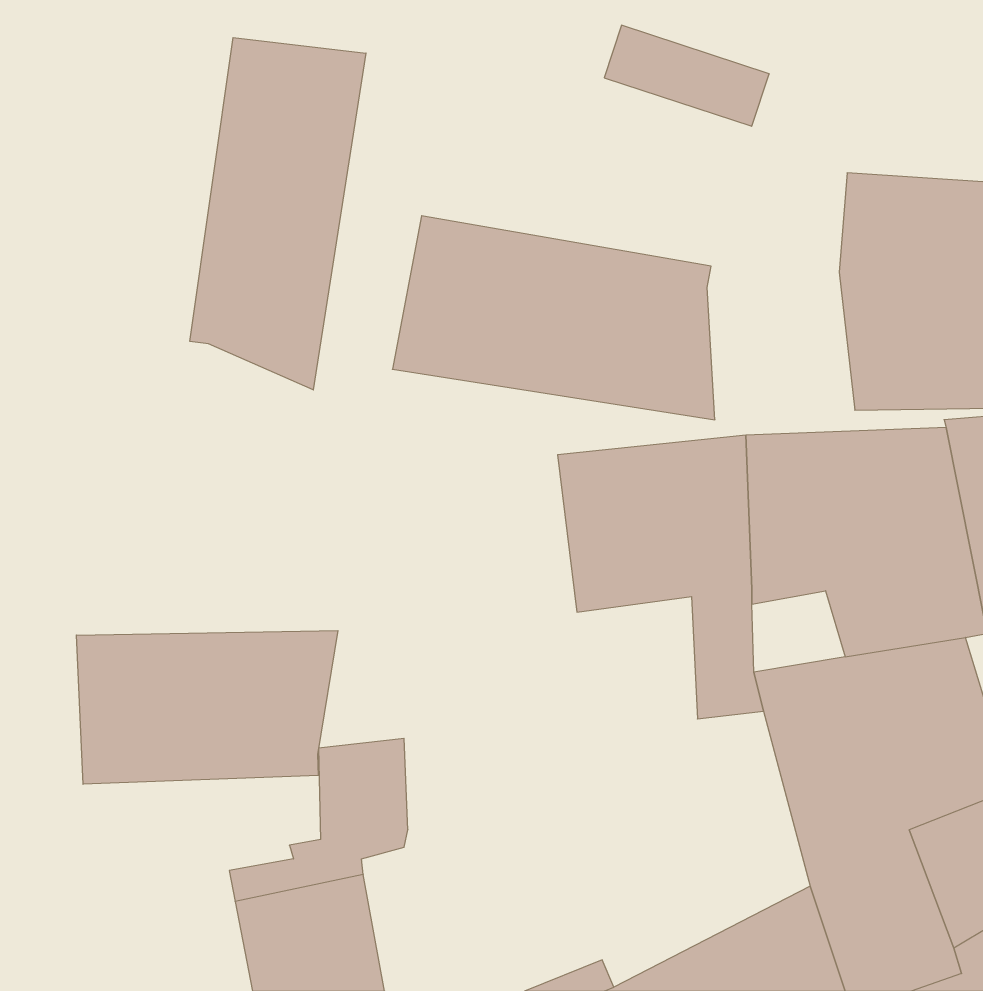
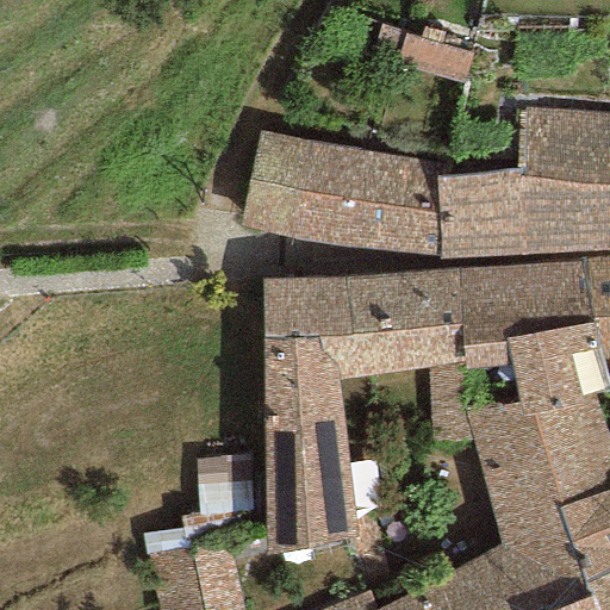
building: [190,38,366,390] -> none
building: none -> [440,167,530,257]
building: none -> [267,279,360,555]
building: [76,631,338,784] -> none

